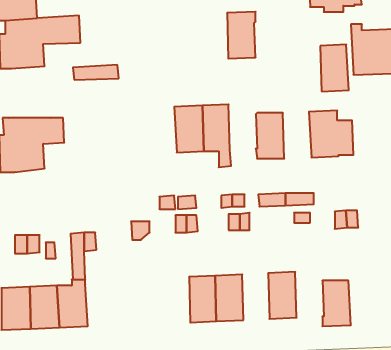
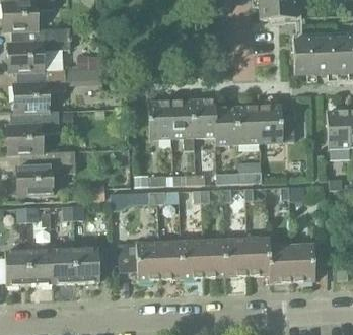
building: [227,12,256,59] -> [194,98,217,137]
building: [320,45,349,91] -> [238,106,262,144]
building: none -> [12,67,65,111]
building: none -> [14,151,74,202]
building: none -> [249,237,272,275]
building: none -> [205,239,227,277]
building: none -> [120,242,162,280]
building: none -> [292,244,316,281]
building: none -> [76,247,100,282]

